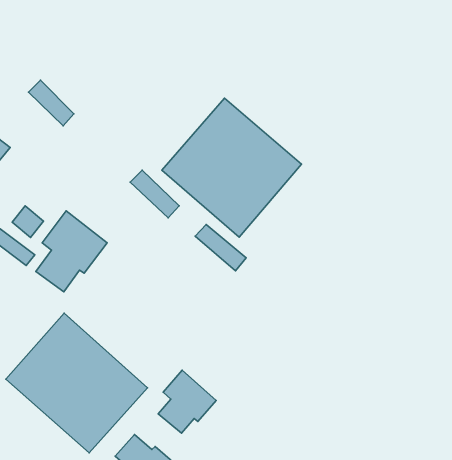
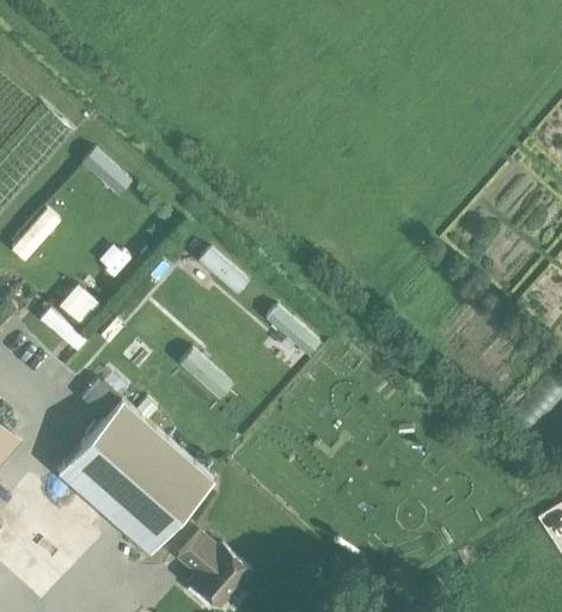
building: [162,98,301,237] -> none
building: [36,211,107,292] -> none
building: [158,370,216,433] -> none

